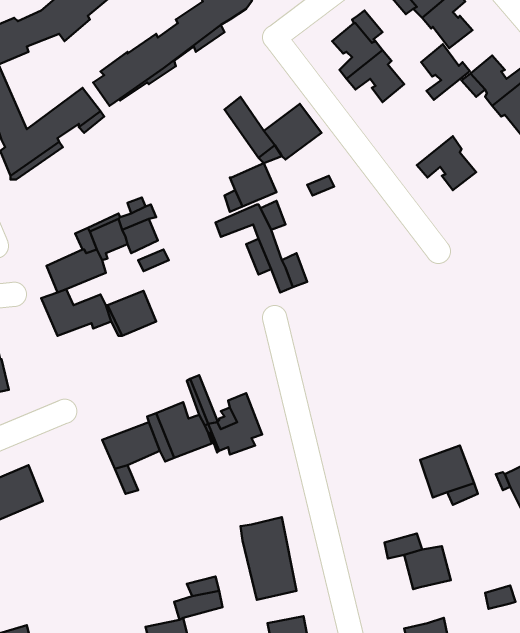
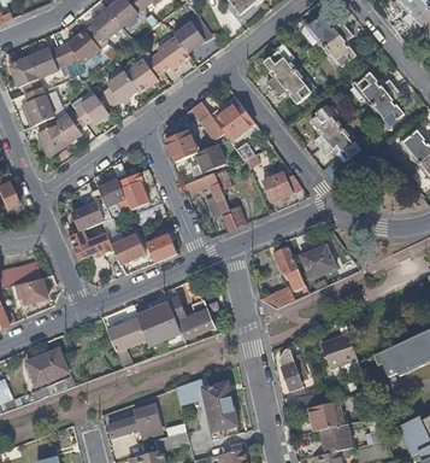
building: [421,44,470,100] -> [311,109,343,146]
building: none -> [165,130,195,162]
building: none -> [263,170,304,203]
building: none -> [146,232,176,262]
building: none -> [301,245,336,279]
building: none -> [259,247,308,309]
building: none -> [278,347,306,389]
building: none -> [175,375,208,403]
building: none -> [110,404,164,438]
building: none -> [322,423,352,453]

